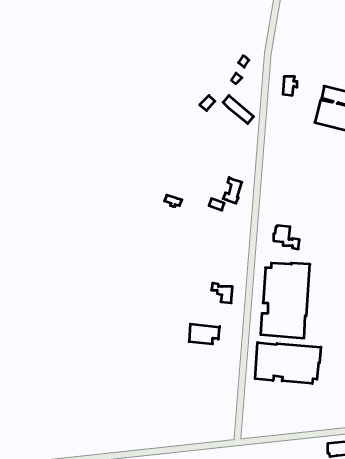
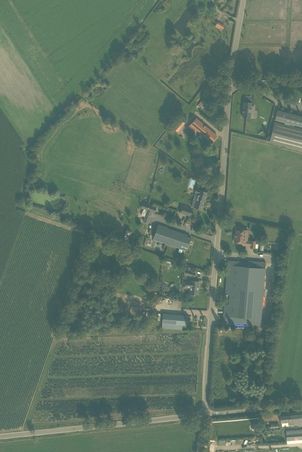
building: none -> [152,223,190,248]
building: [255,342,321,384] -> none

